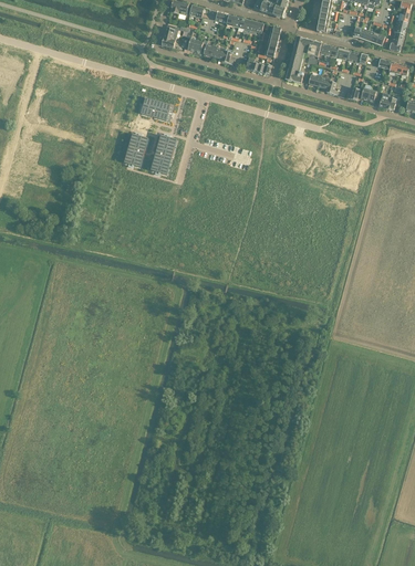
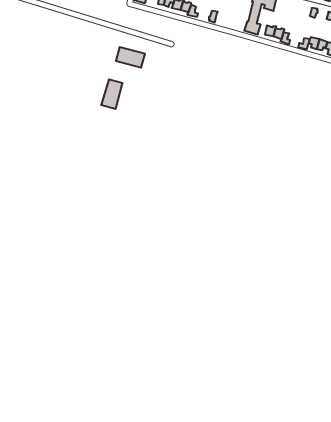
building: [151,135,176,175] -> none

